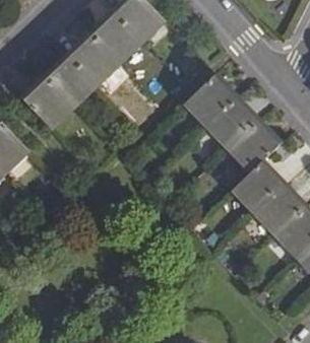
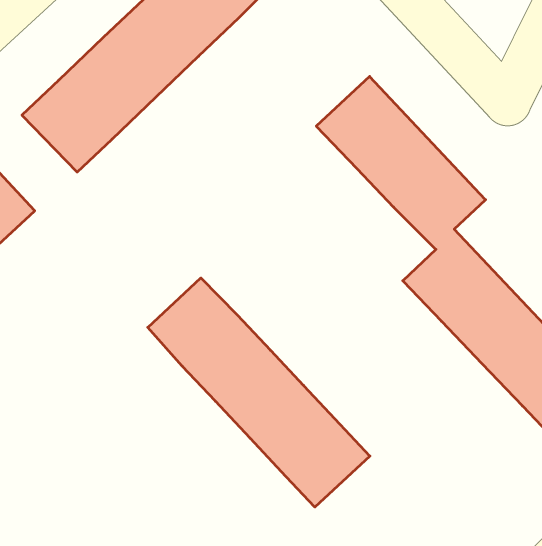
building: none -> [148,278,370,507]

